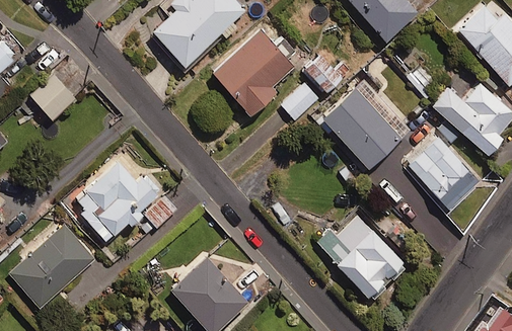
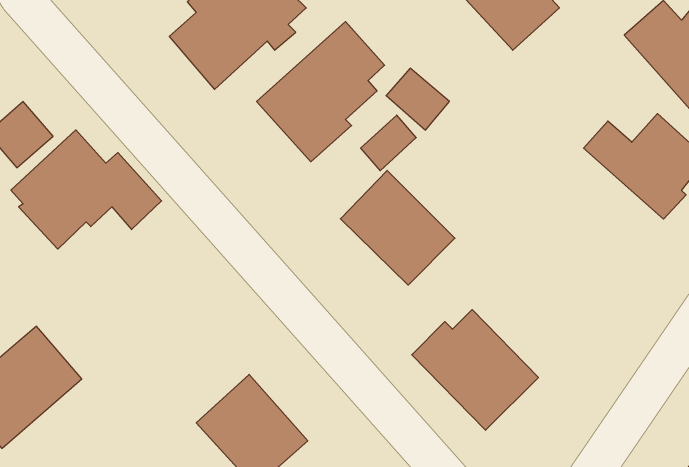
building: [322,88,399,165] -> [340,170,455,285]
building: [404,135,481,212] -> none
building: [75,162,176,242] -> [11,130,162,249]

